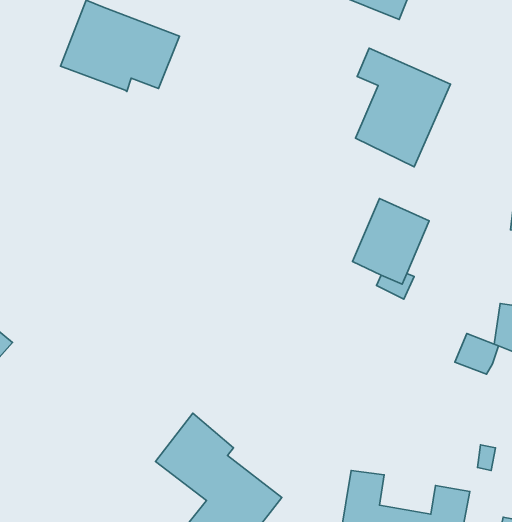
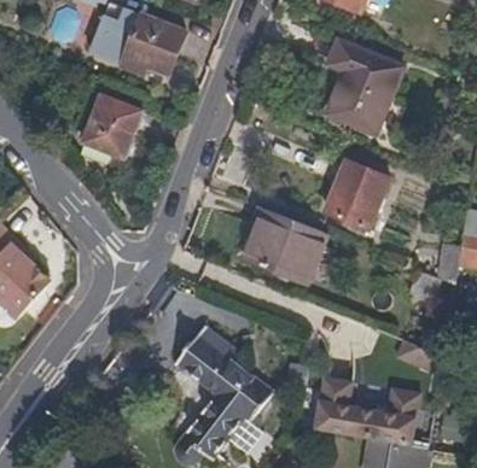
building: none -> [82,92,145,159]
building: none -> [243,209,327,283]

